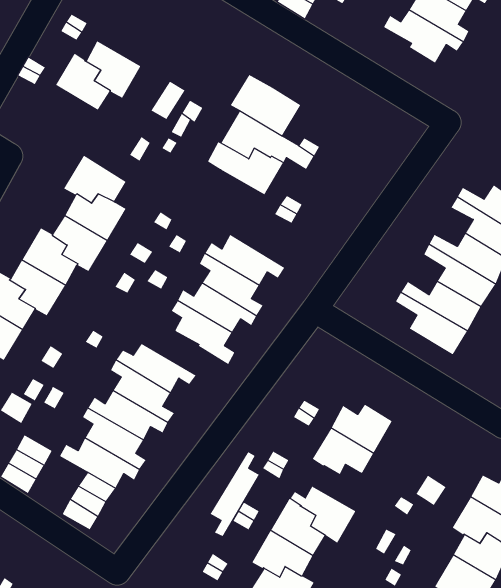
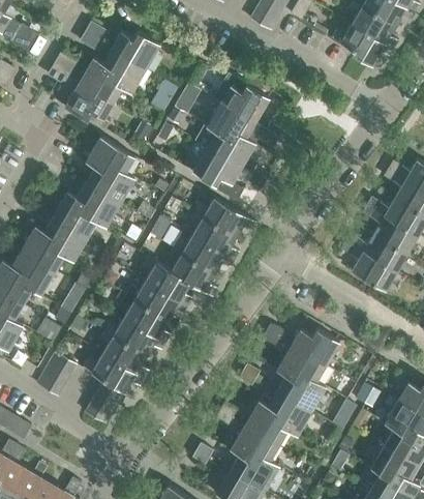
building: none -> [111,31,159,68]
building: none -> [64,83,112,131]
building: none -> [191,148,243,202]
building: none -> [142,257,191,306]
building: [210,451,260,537] -> none
building: none -> [276,375,325,411]

